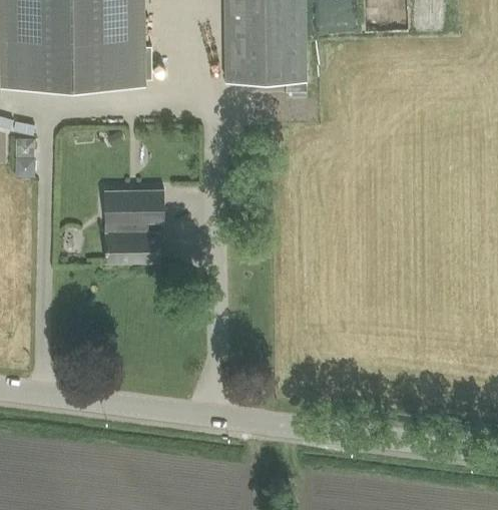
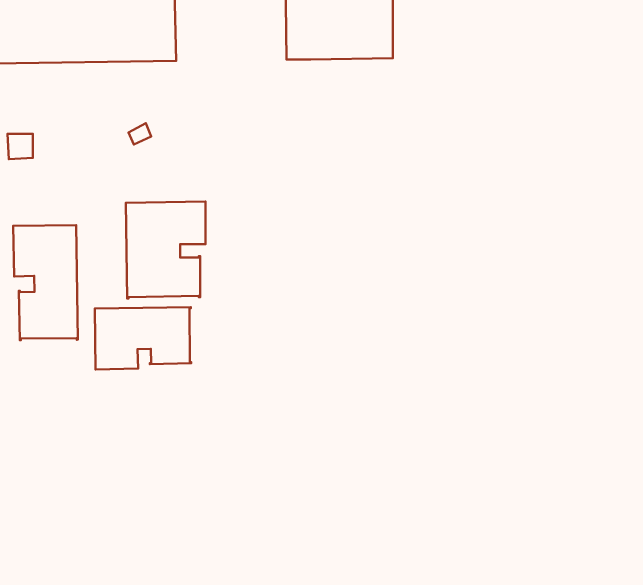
building: none -> [13,225,78,340]
building: none -> [95,307,191,370]

